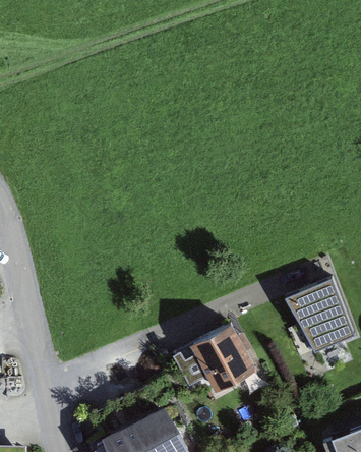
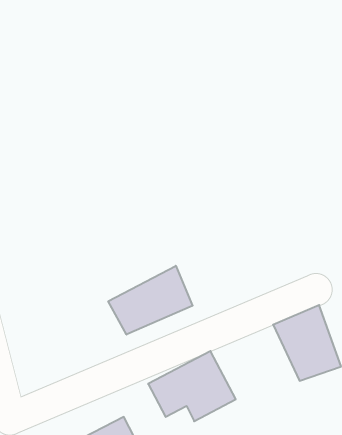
building: none -> [108,266,193,335]

